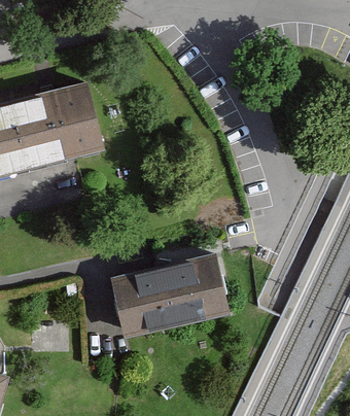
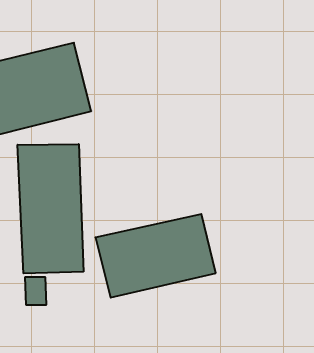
building: none -> [18,144,83,273]

